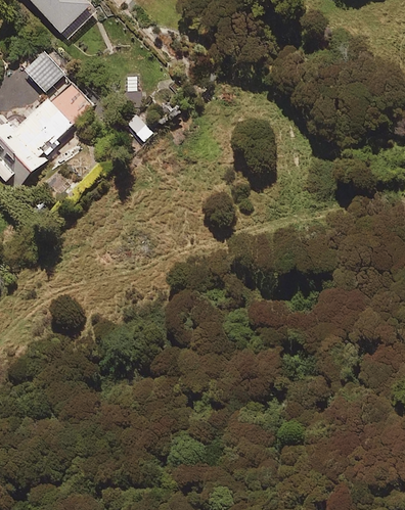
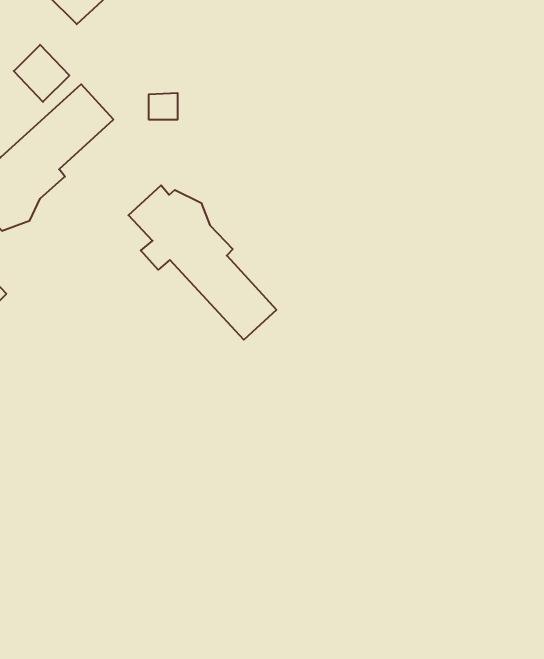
building: none -> [128,185,276,340]

